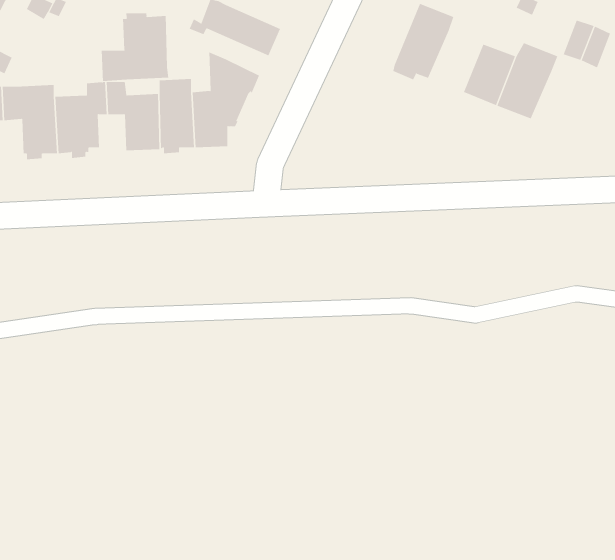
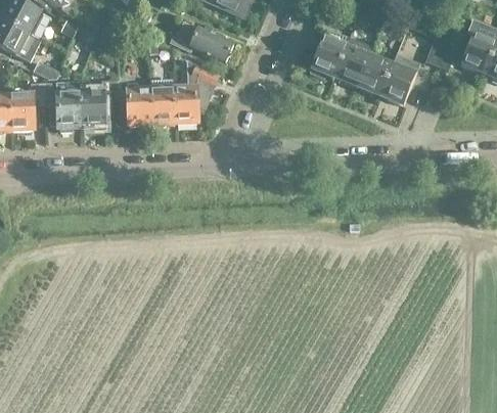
building: [101,12,169,82] -> none
building: none -> [333,44,370,86]

